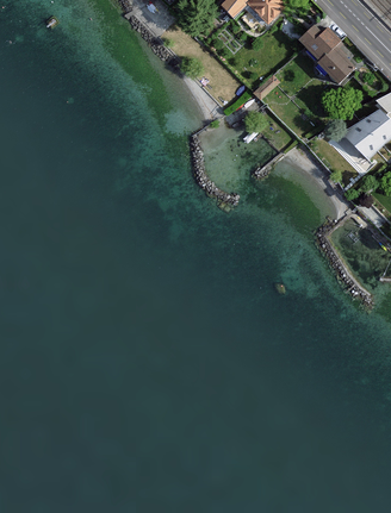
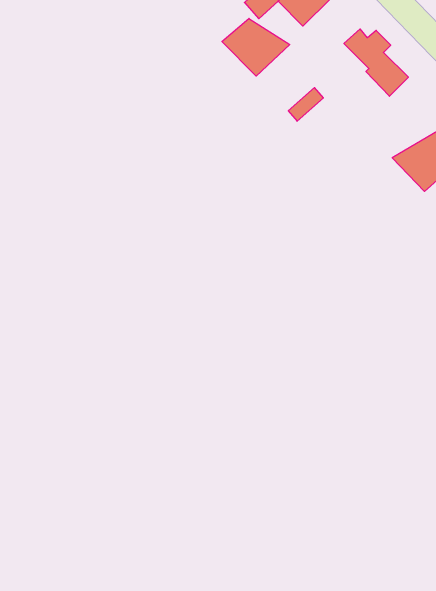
building: none -> [222,18,290,76]

